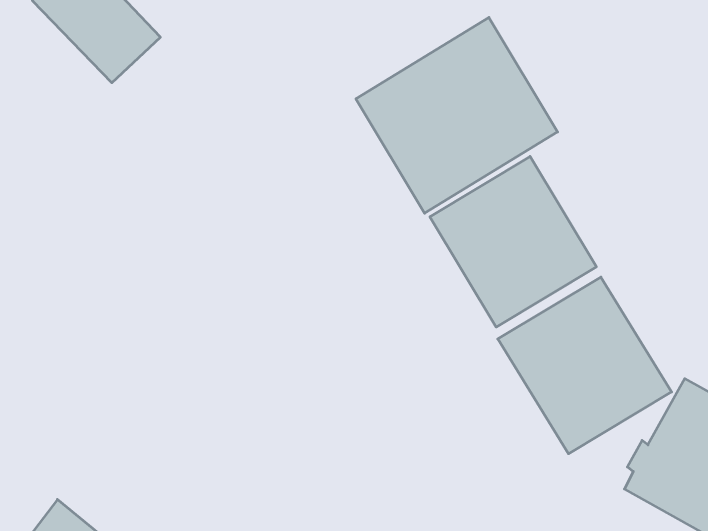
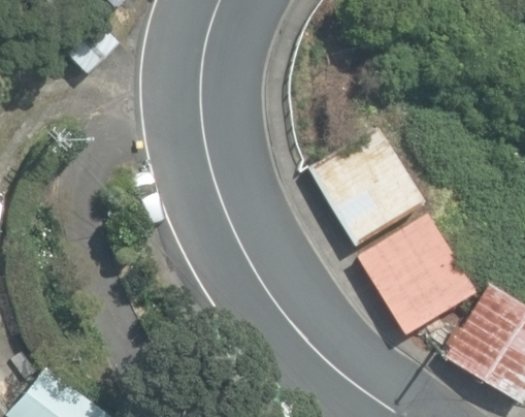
building: [356,17,558,213] -> none

